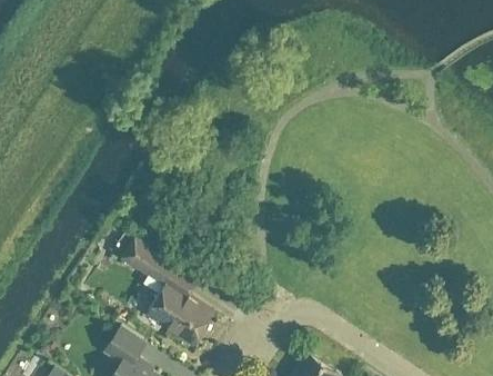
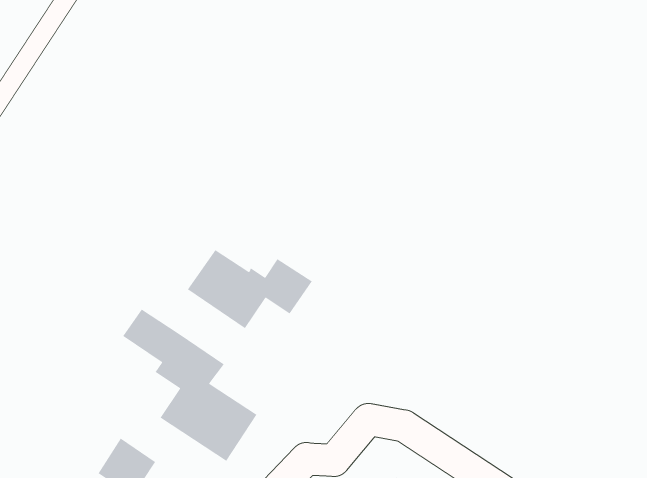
building: none -> [187,249,313,329]

